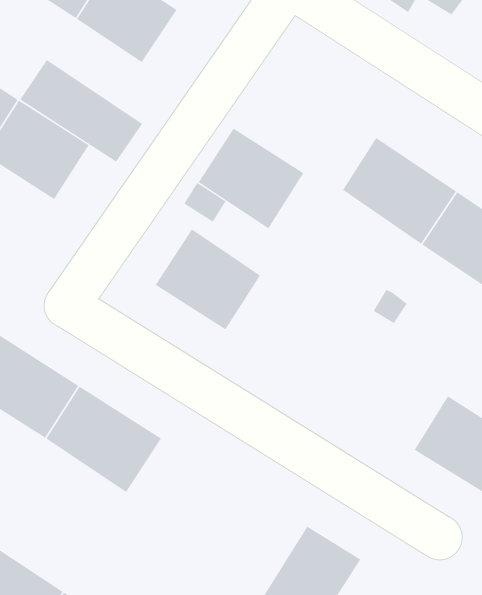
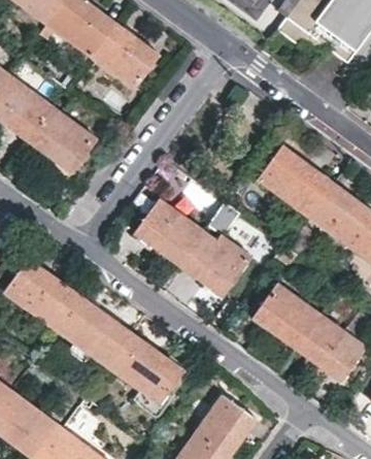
building: [20,59,143,163] -> none
building: [198,128,304,229] -> [178,230,247,297]
building: none -> [252,283,319,349]
building: none -> [108,332,184,403]

